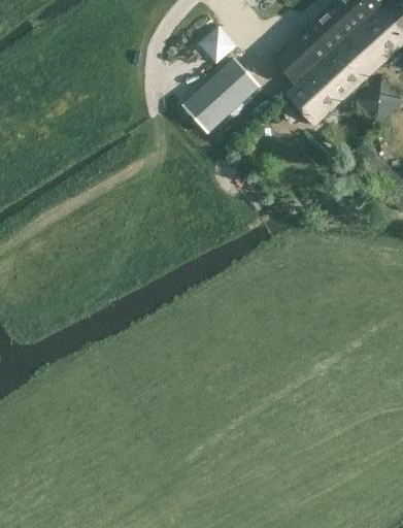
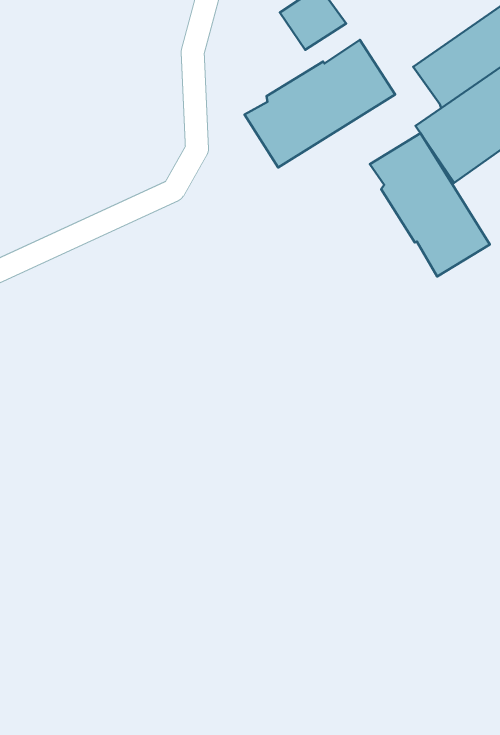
building: none -> [370,133,490,277]

